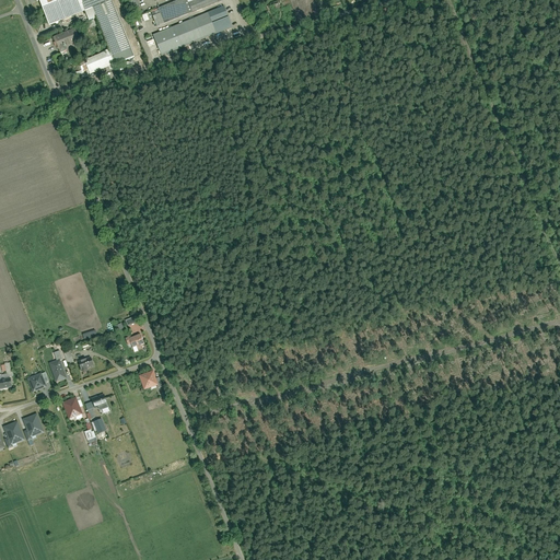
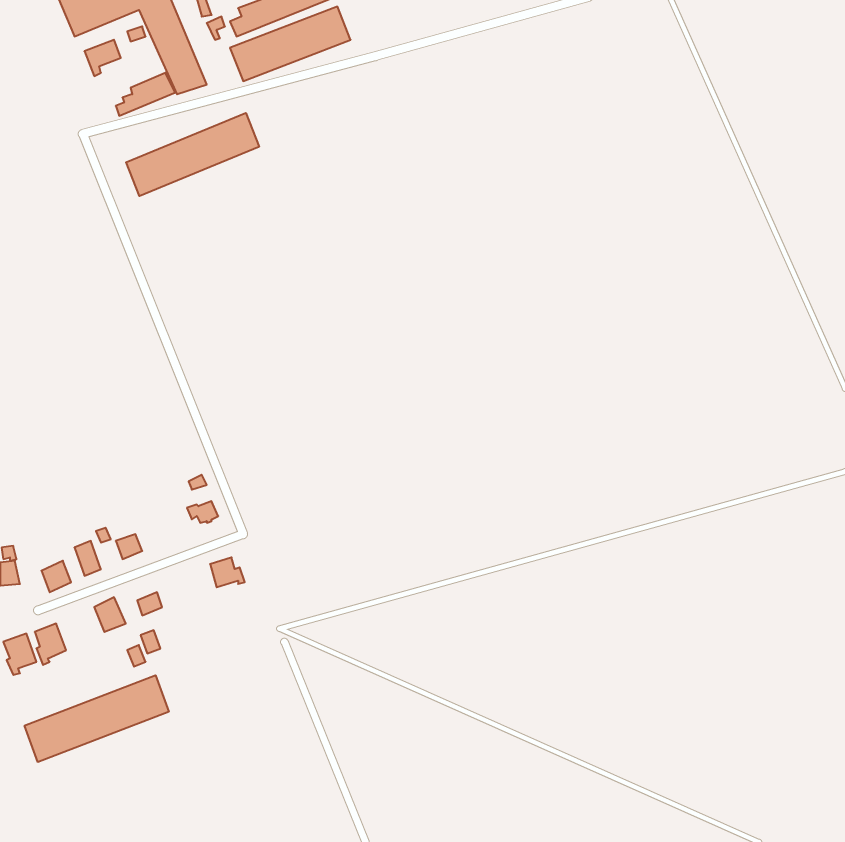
building: none -> [126,113,259,196]
building: none -> [25,675,169,762]

